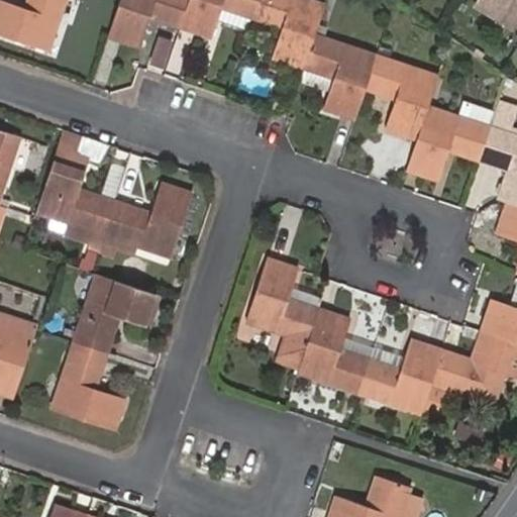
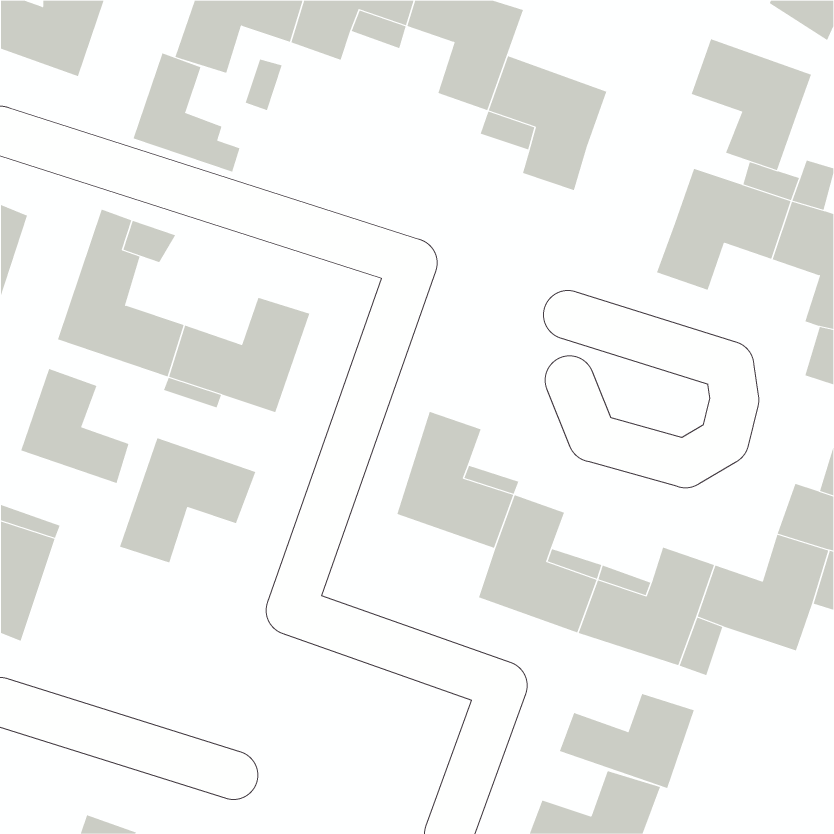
building: none -> [133,53,240,172]
building: [364,57,438,138] -> [691,39,812,171]
building: none -> [20,368,129,484]
building: [50,338,123,429] -> none
building: none -> [559,693,695,789]

